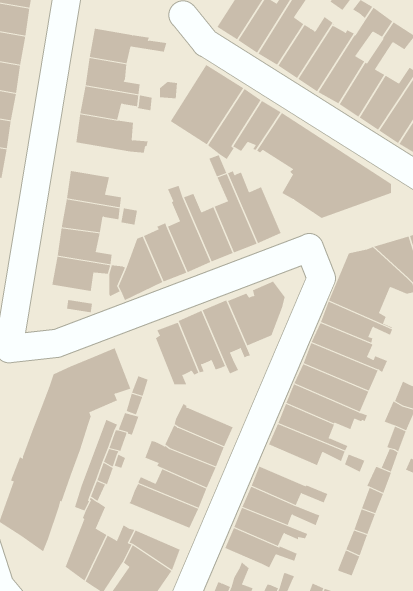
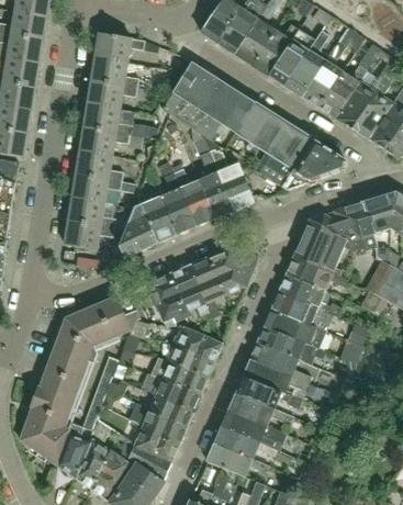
building: none -> [79,126,128,155]
building: none -> [172,326,221,361]
building: none -> [235,375,300,409]
building: none -> [120,420,178,462]
building: none -> [57,423,91,476]

